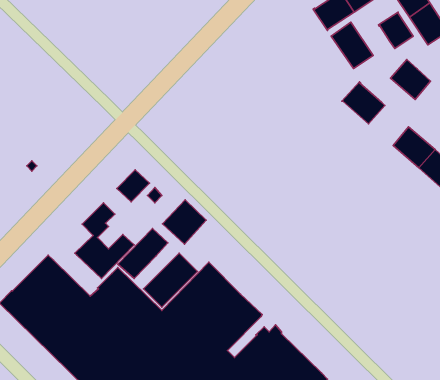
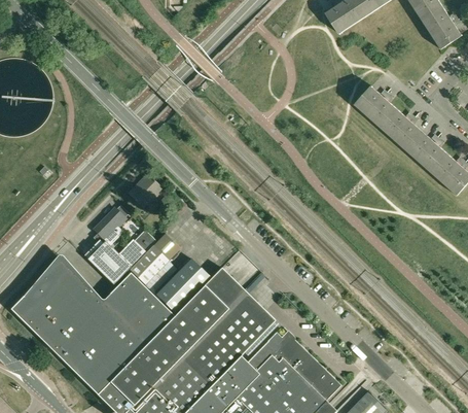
building: [379,12,413,48] -> none
building: [331,22,373,68] -> none
building: [391,60,431,100] -> [381,109,421,149]
building: [162,200,206,244] -> none

